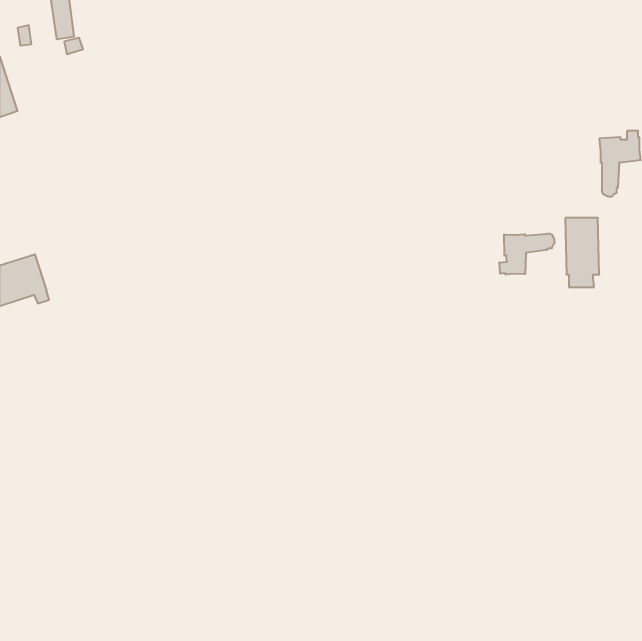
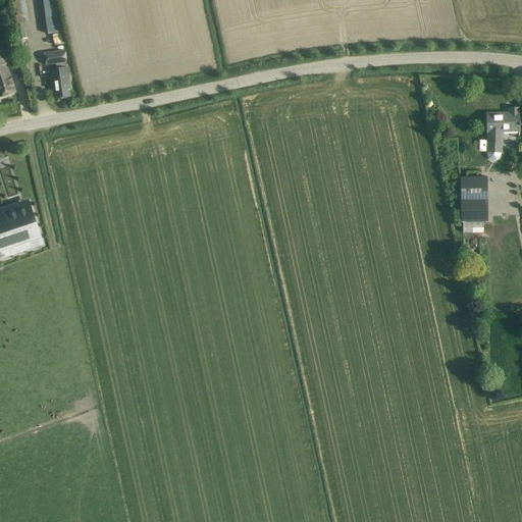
building: none -> [43,49,69,96]
building: [499,233,555,275] -> none

